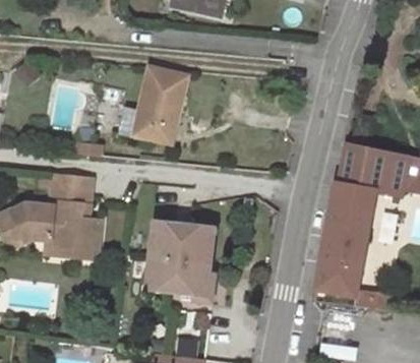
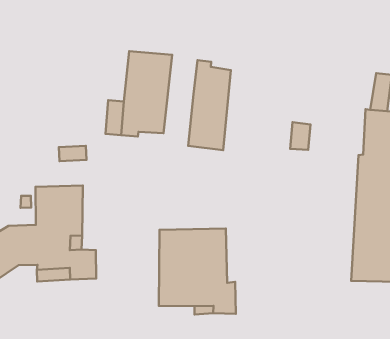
building: none -> [188,60,231,150]

